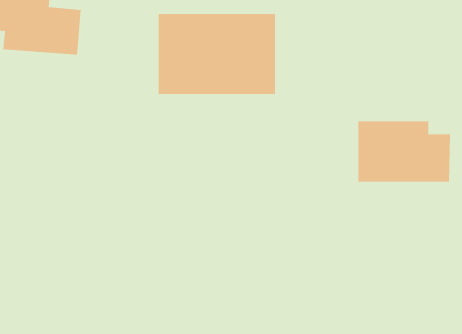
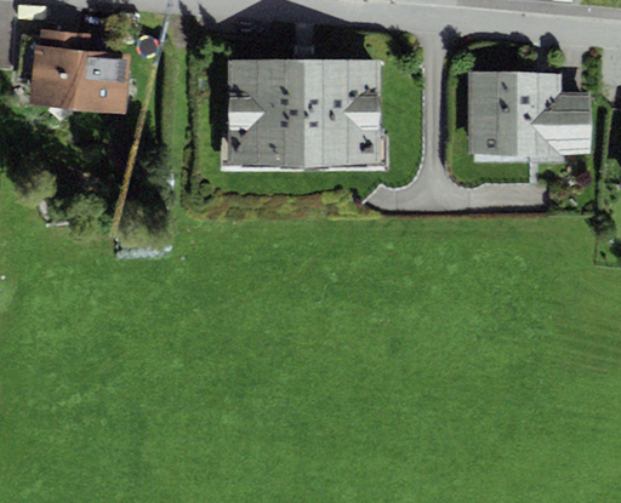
building: [358,121,451,182] -> [469,75,589,154]

